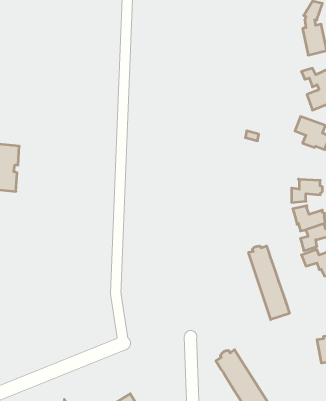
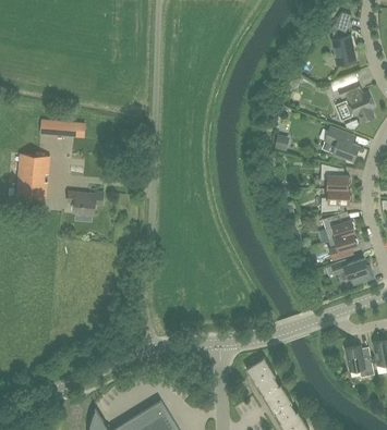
building: none -> [40,119,85,137]
building: none -> [321,163,350,189]
building: none -> [68,191,104,213]
building: [249,246,289,320] -> none

